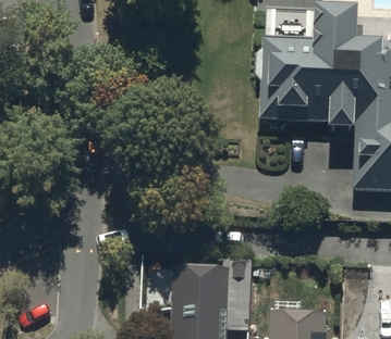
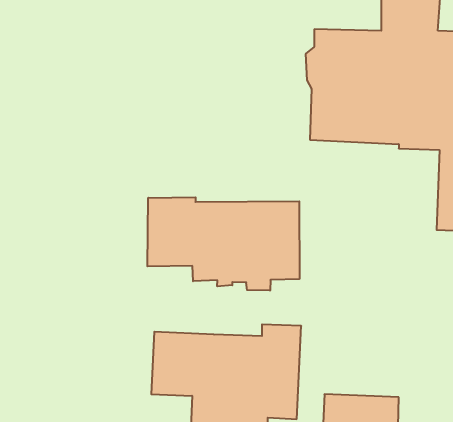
building: none -> [147,197,299,291]

